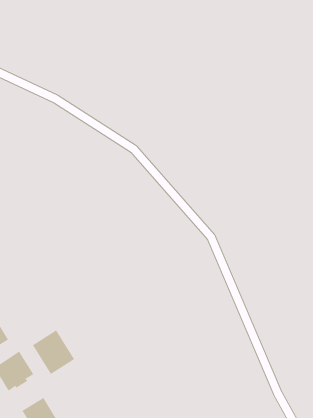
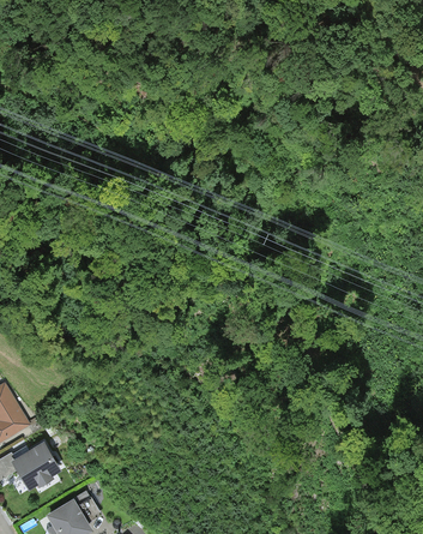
building: [32,330,75,375] -> none

